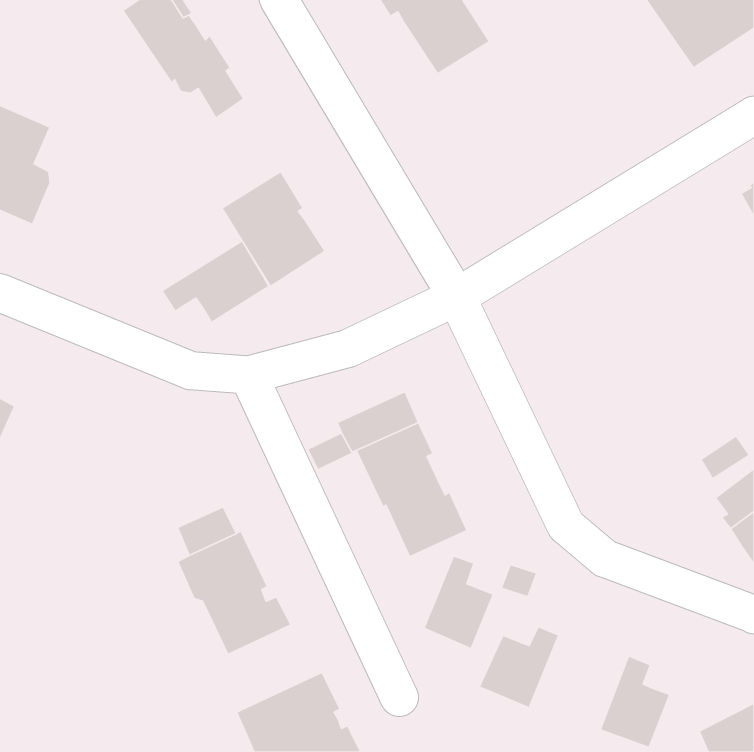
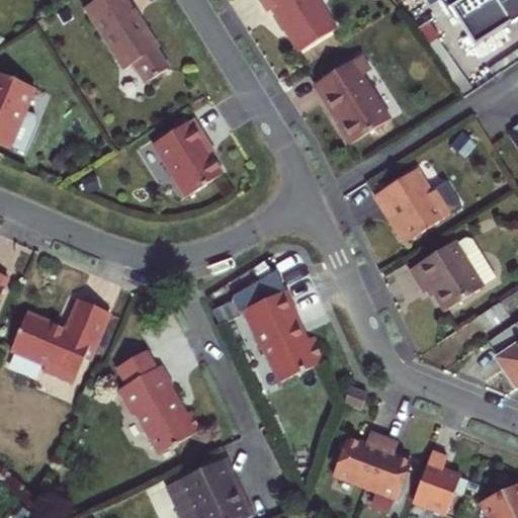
building: none -> [315,54,390,144]
building: [162,241,269,323] -> none
building: none -> [375,167,461,243]
building: none -> [409,238,495,312]
building: none -> [12,299,111,384]
building: [424,556,493,649] -> [362,435,410,499]

